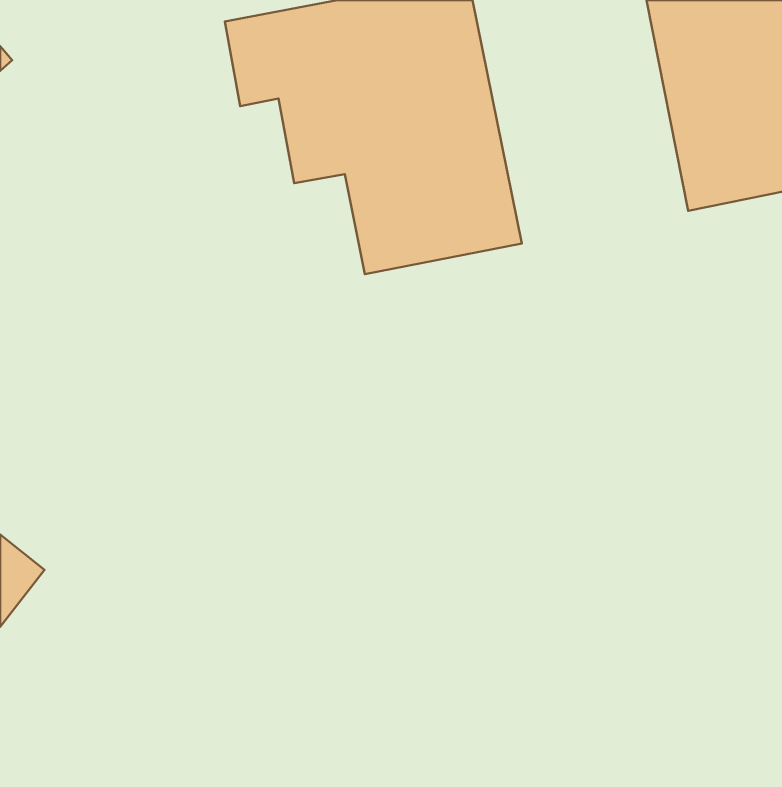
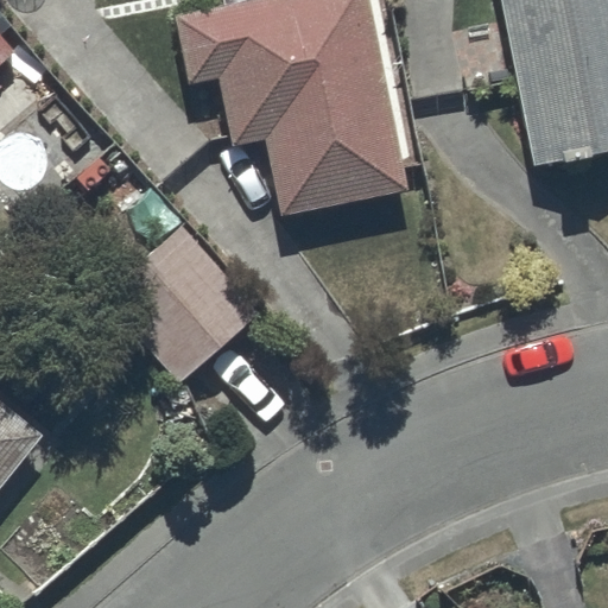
building: none -> [103,224,258,379]

